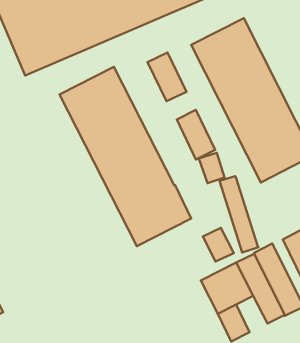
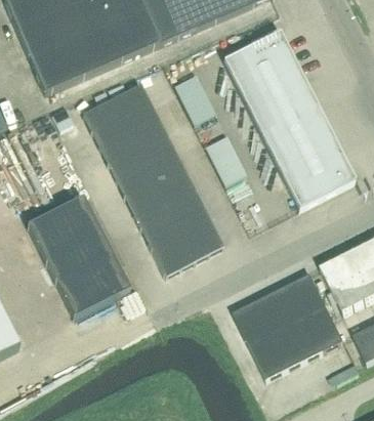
building: none -> [26,196,128,317]
building: [219,176,258,252] -> none
building: [203,228,234,262] -> none
building: none -> [272,328,305,367]

